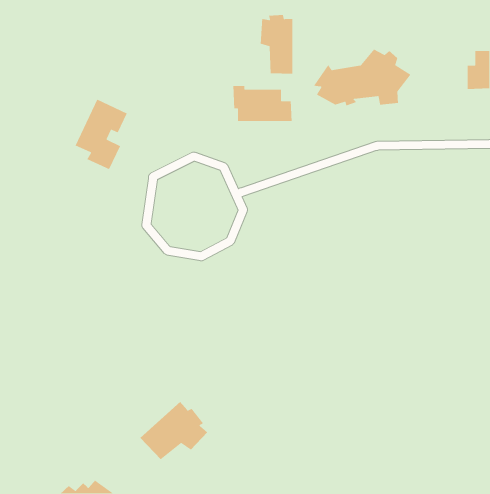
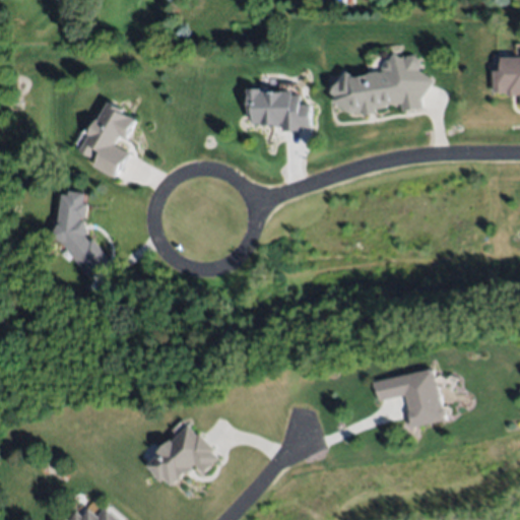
building: [260,14,293,75] -> none
building: none -> [56,187,106,270]
building: none -> [373,371,442,428]

